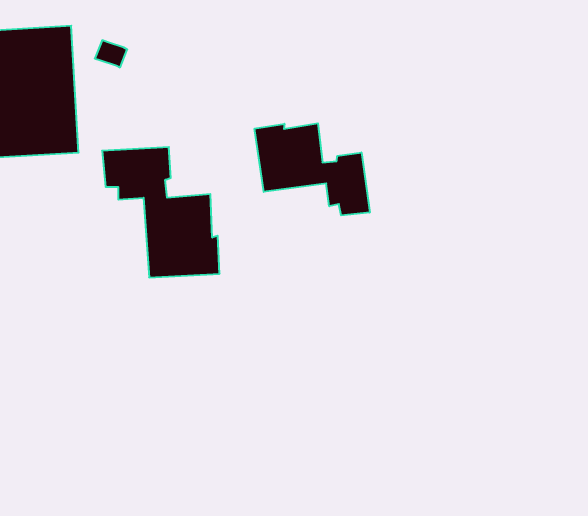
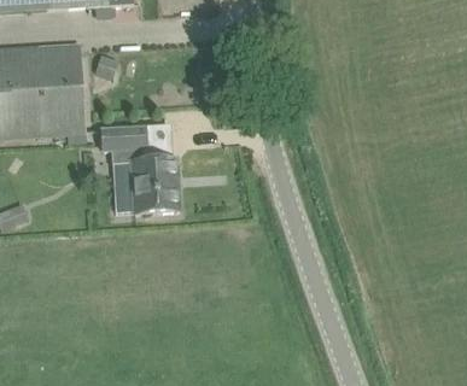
building: [255,123,370,215] -> none

